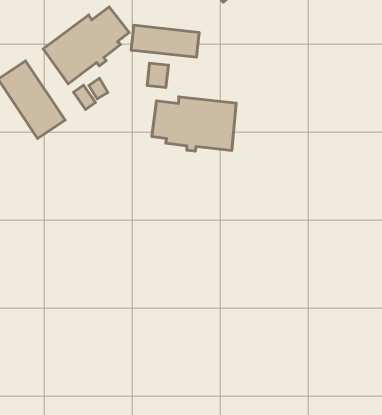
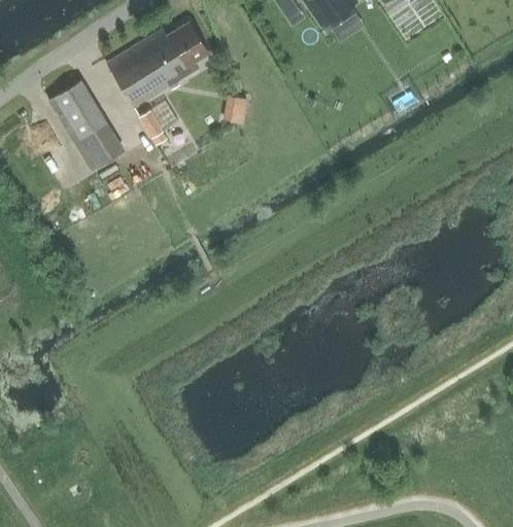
building: [131,25,199,57] -> none
building: [152,97,236,151] -> none

